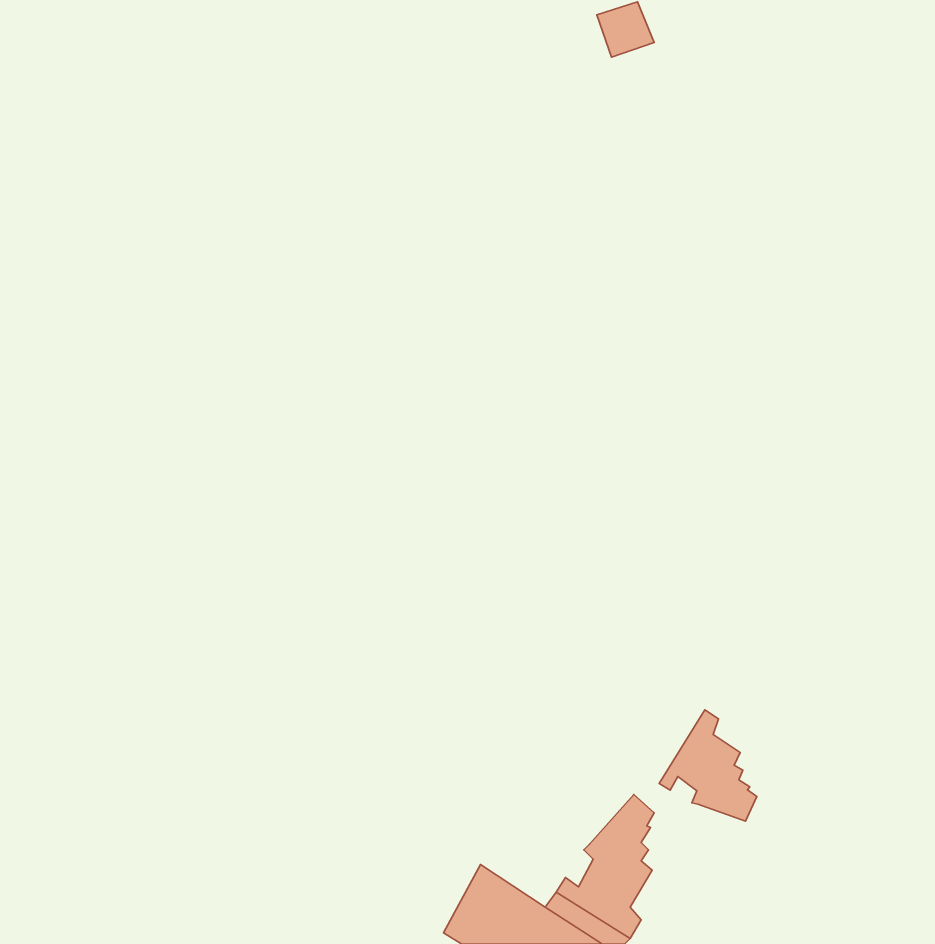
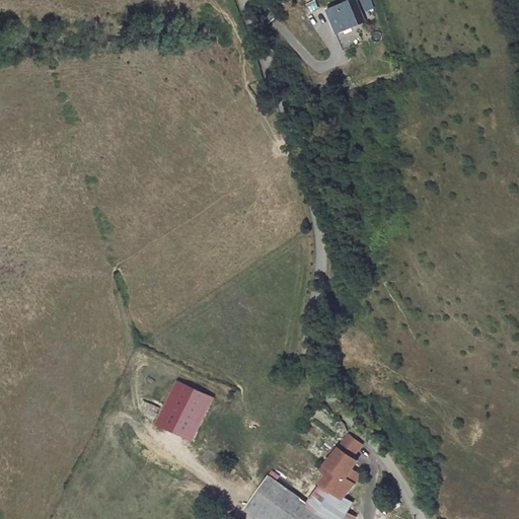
building: none -> [153,379,211,441]
building: [659,710,757,821] -> none

